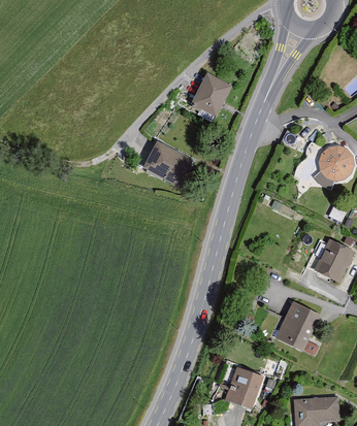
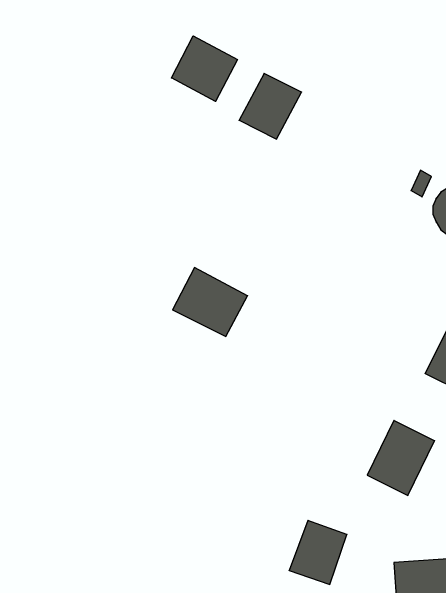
building: none -> [171,36,237,101]
building: [142,141,192,187] -> [173,268,248,336]

